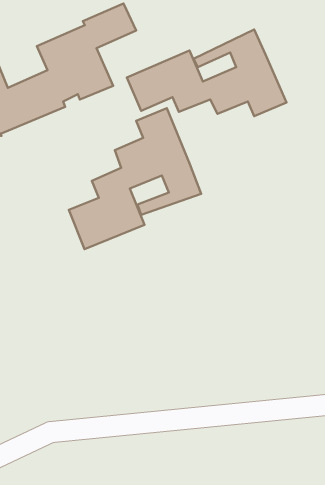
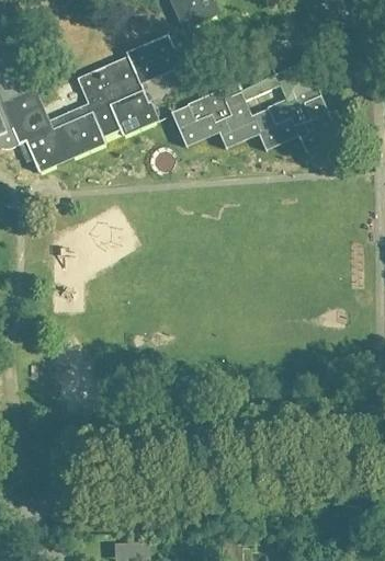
building: [69,108,201,249] -> none

